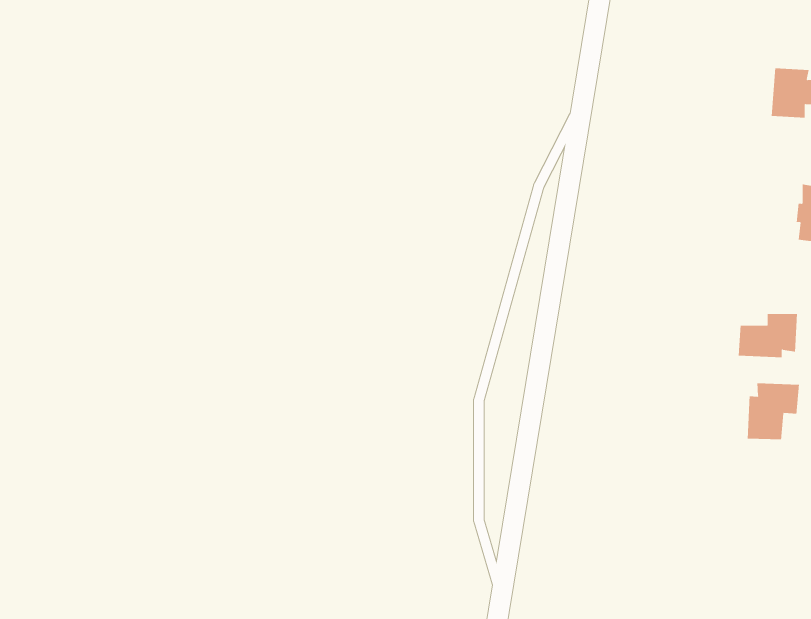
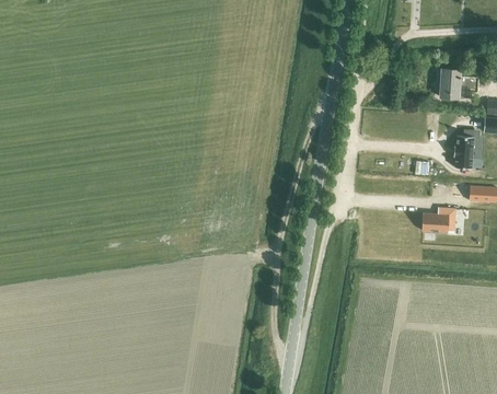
building: [747,383,800,440] -> none

